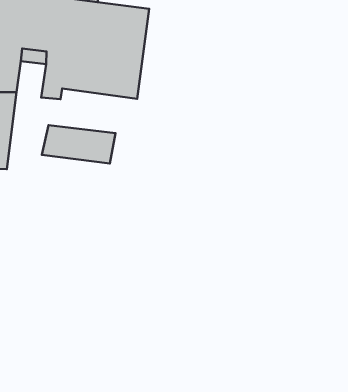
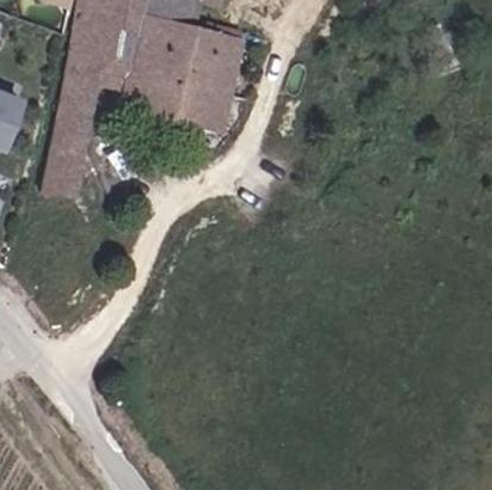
building: [42,125,116,164] -> none

